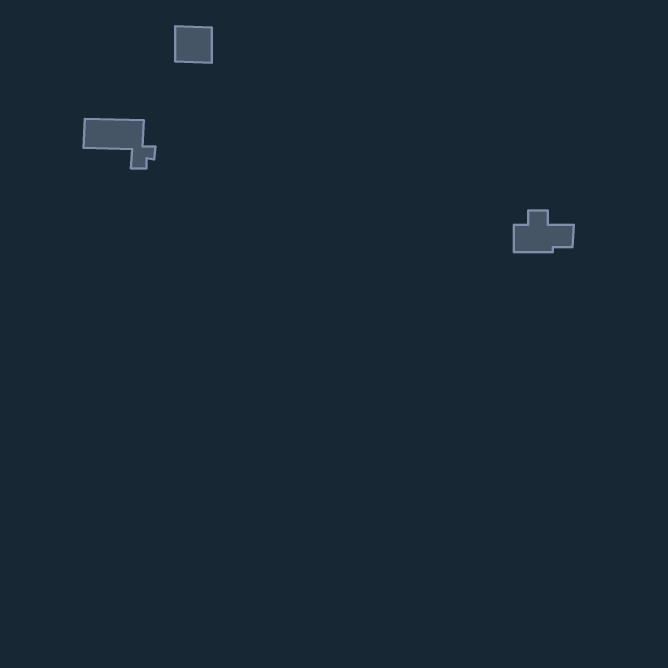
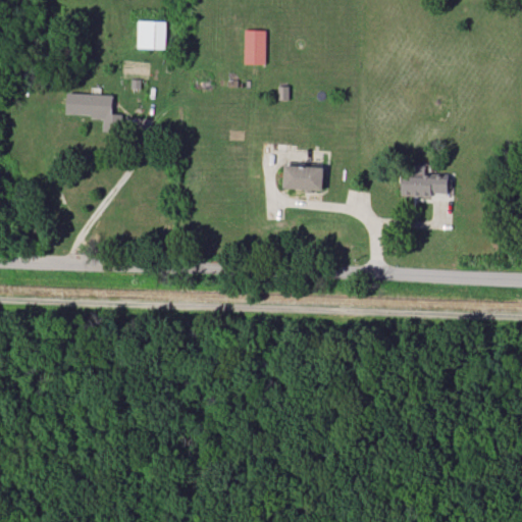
building: none -> [244,30,265,64]
building: none -> [282,165,323,190]

